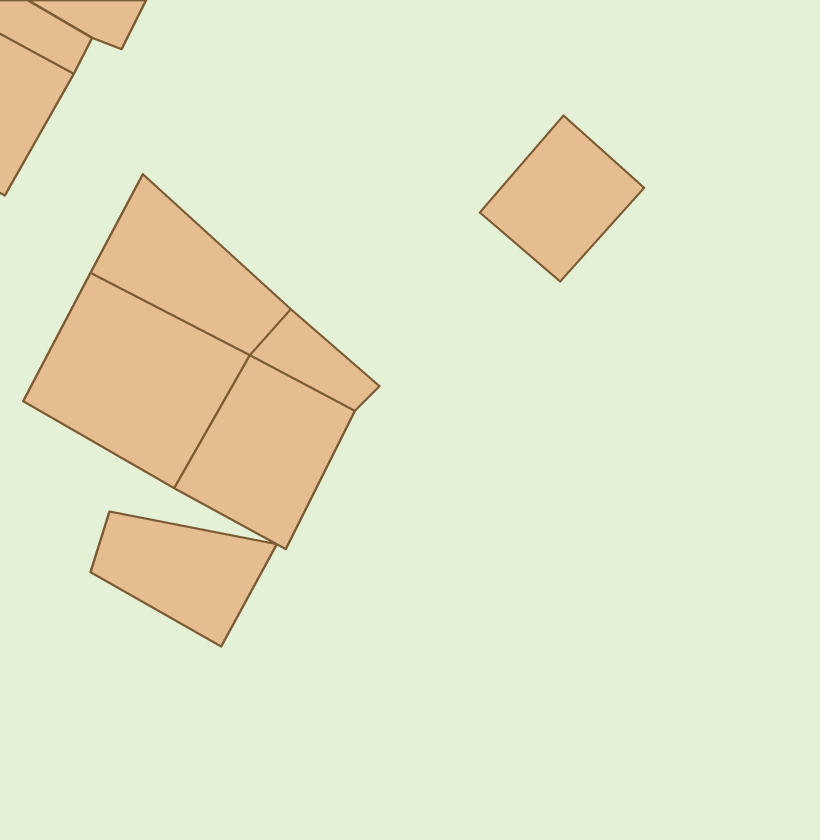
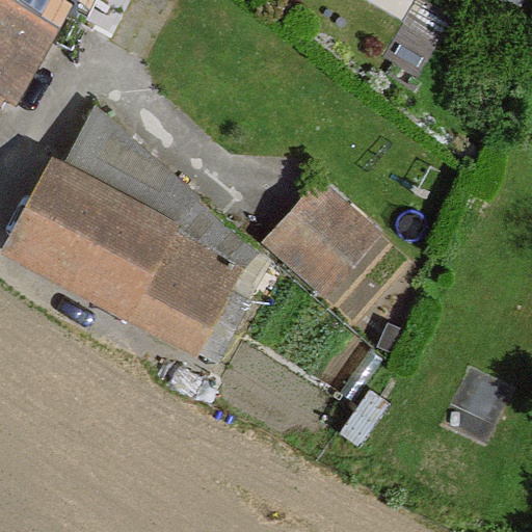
building: [480,116,644,282] -> [262,186,366,291]
building: [90,511,277,646] -> none

